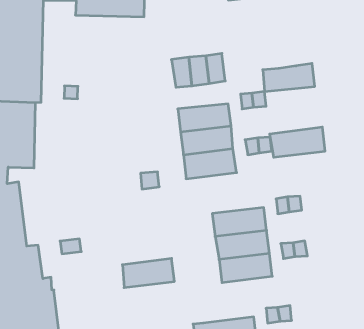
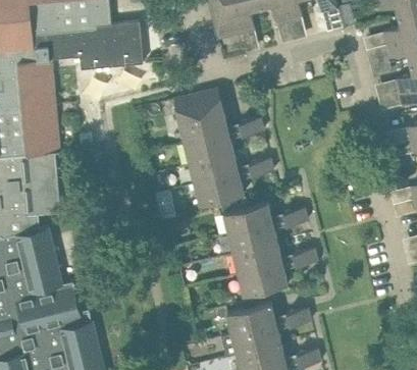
building: [263,63,315,91] -> [179,113,228,144]
building: [270,127,325,157] -> [220,202,272,234]
building: [122,258,174,288] -> [226,303,275,334]

